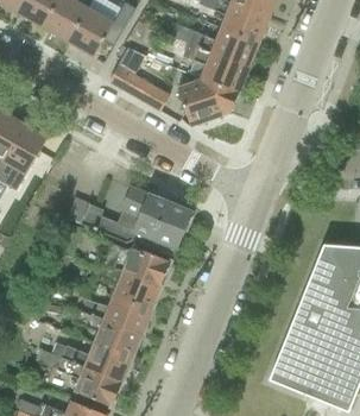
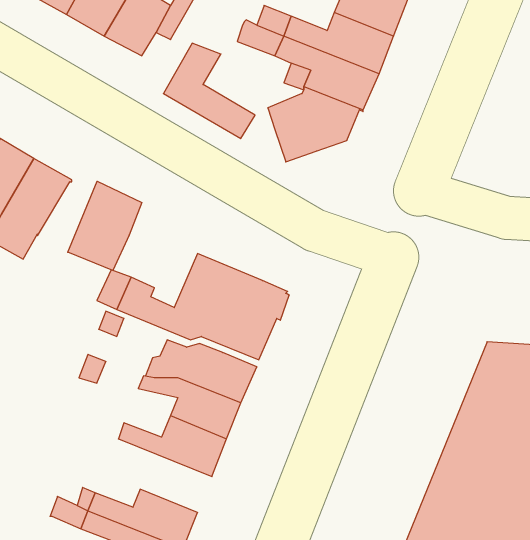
building: none -> [68,181,142,270]
building: [75,308,141,357] -> none

